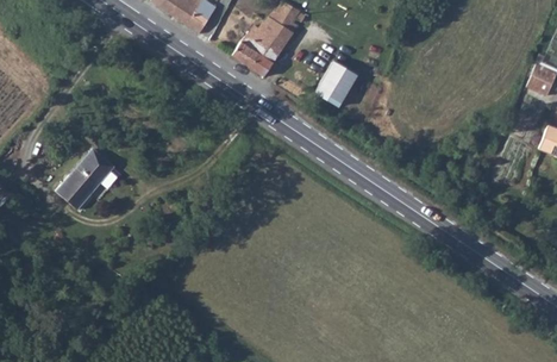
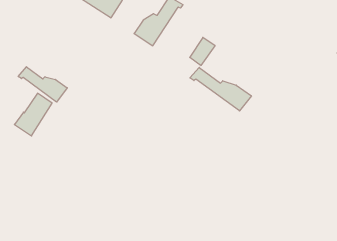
building: none -> [18,67,67,102]
building: none -> [190,67,251,111]

